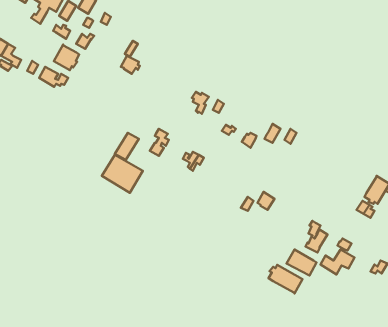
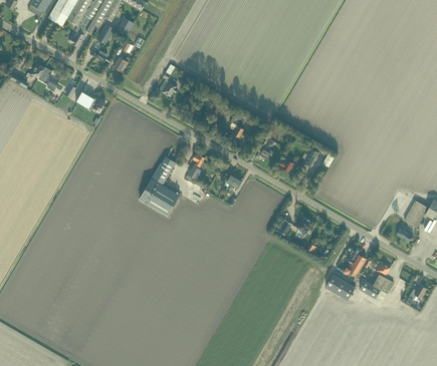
building: [54,45,79,70] -> none
building: [269,265,302,293] -> none

